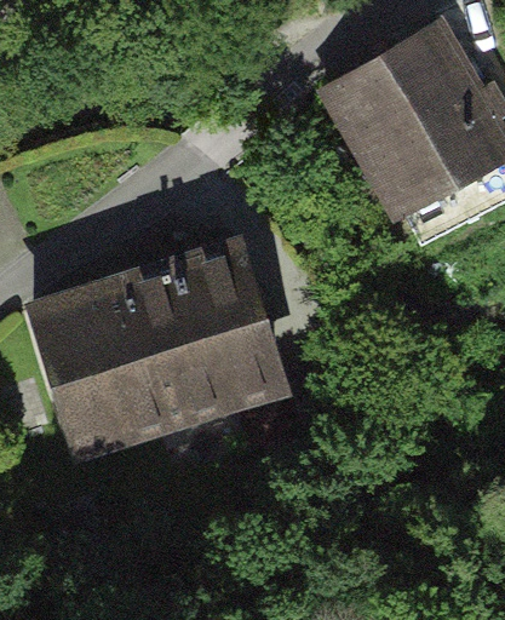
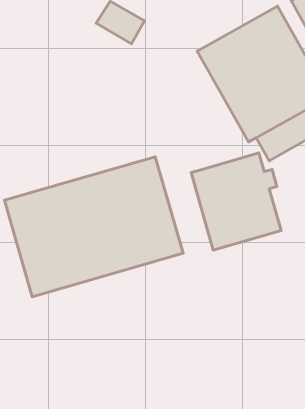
building: none -> [191,153,281,250]

